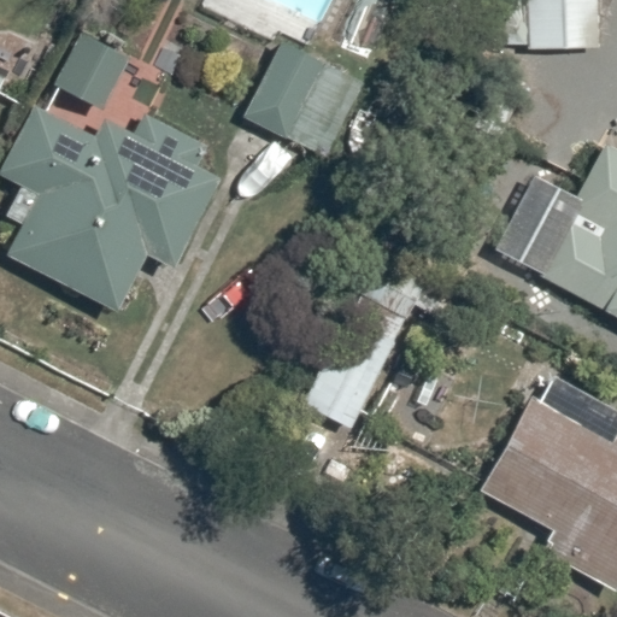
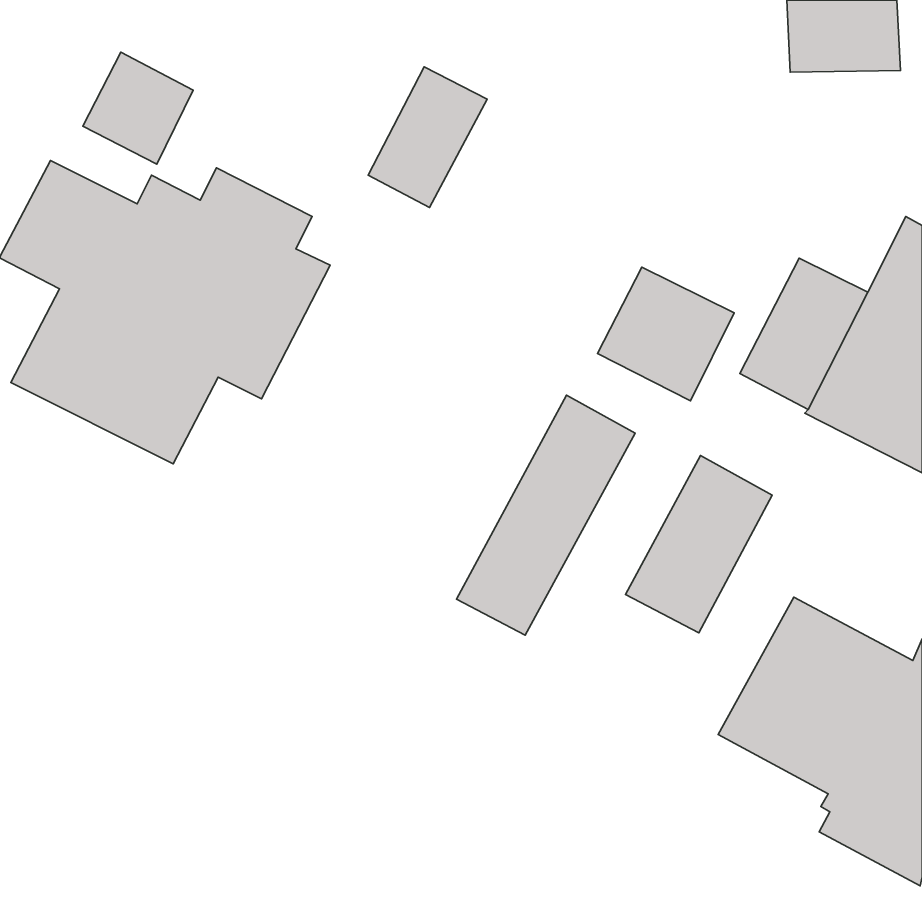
building: none -> [598,267,734,401]
building: none -> [625,456,772,633]

